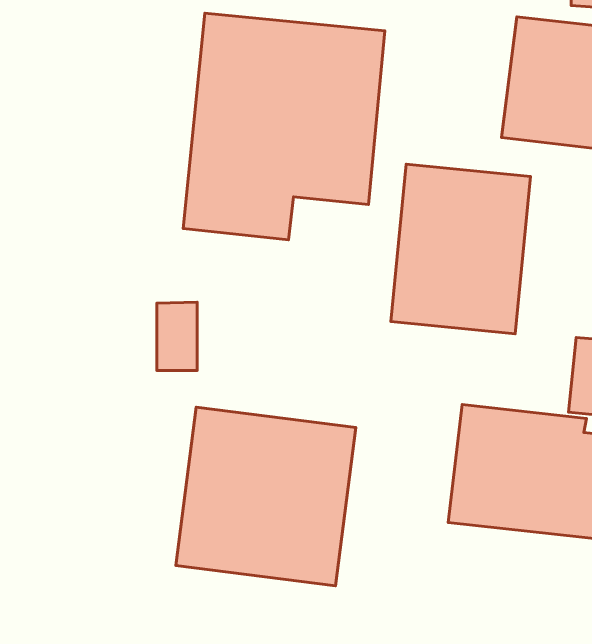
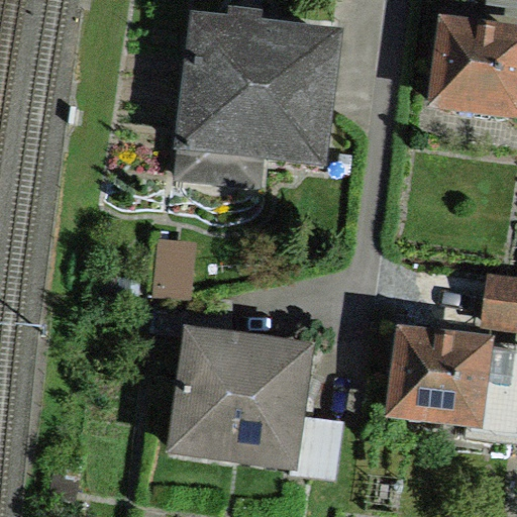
building: [391,164,531,334] -> none

